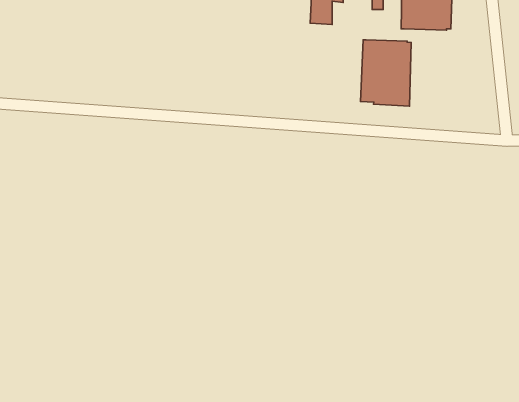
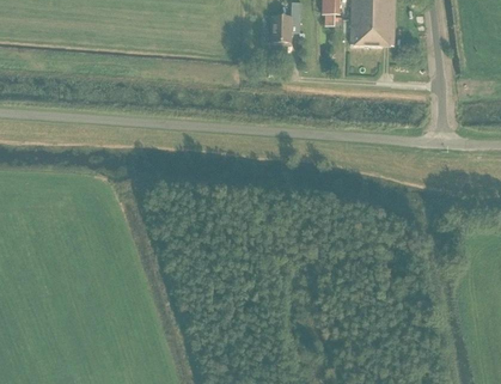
building: [360,40,411,106] -> none

